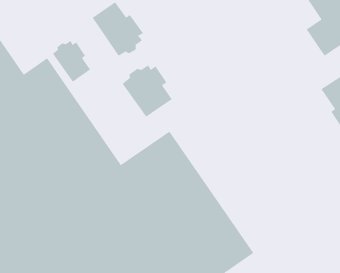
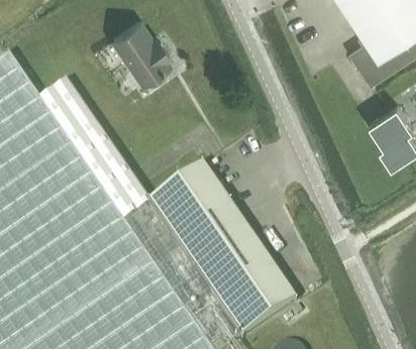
building: [52,40,91,82] -> none
building: [122,64,172,118] -> none

